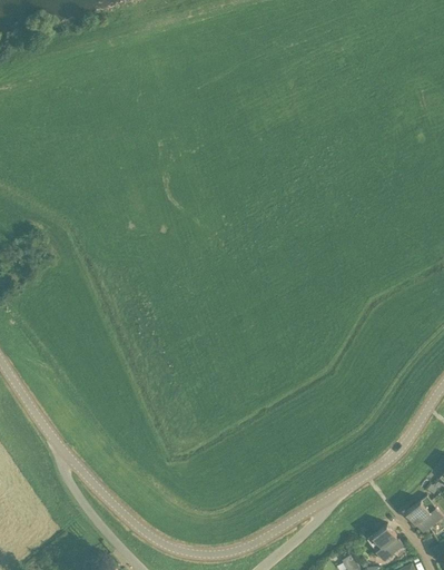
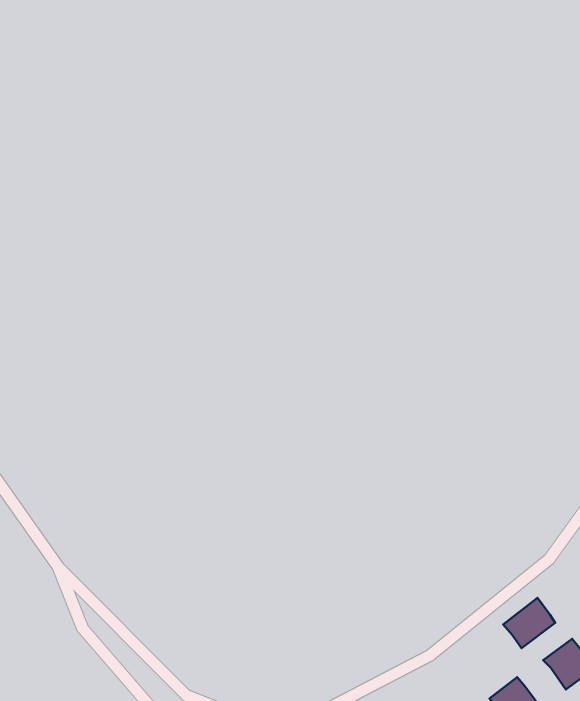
building: none -> [503,598,555,648]

